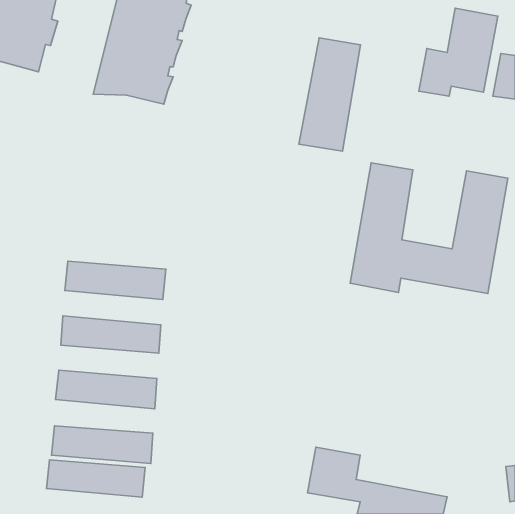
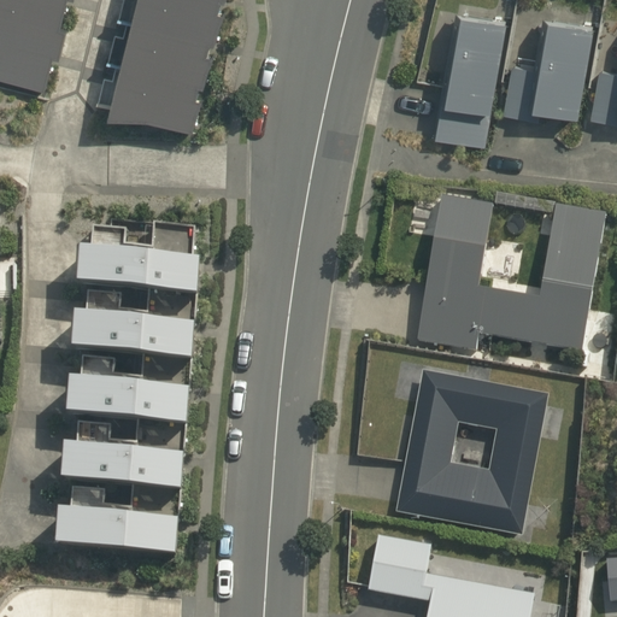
building: [299,38,361,151] -> [431,6,505,141]
building: none -> [82,246,202,292]
building: none -> [393,368,547,534]
building: [47,460,145,497] -> none

